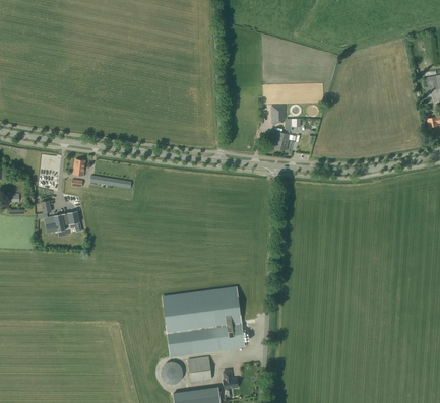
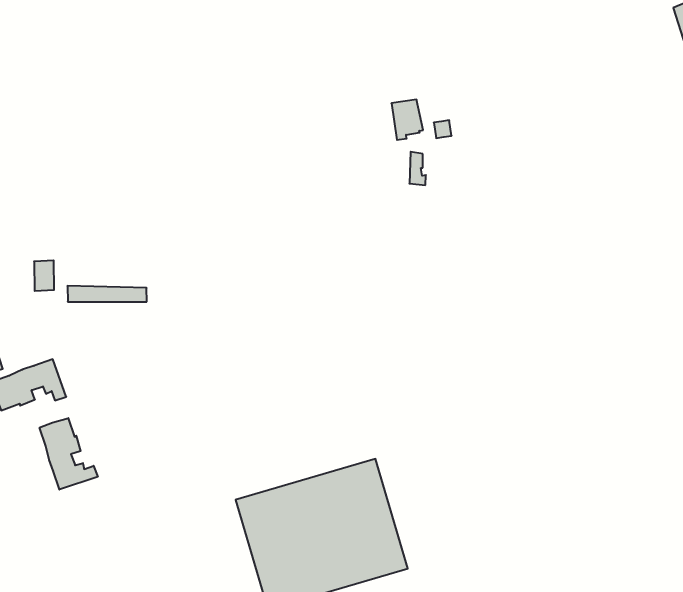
building: none -> [40,418,98,490]

